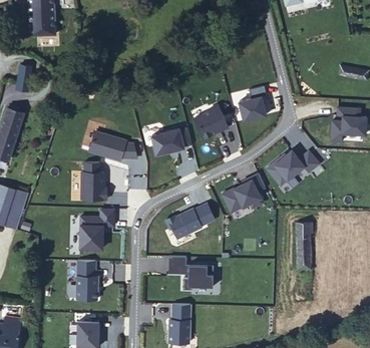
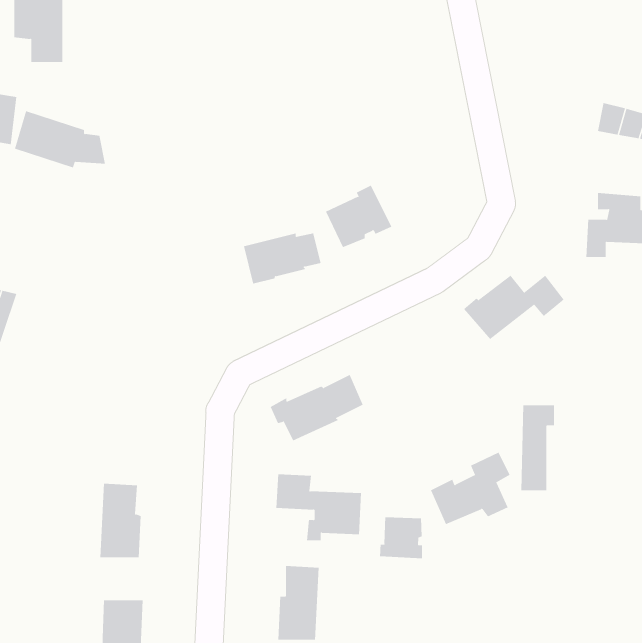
building: [238,87,266,122] -> none
building: [88,132,136,162] -> [14,111,106,168]
building: [81,169,105,201] -> none
building: [222,175,264,213] -> [430,452,510,525]
building: [78,211,113,249] -> none
building: none -> [379,517,422,559]

